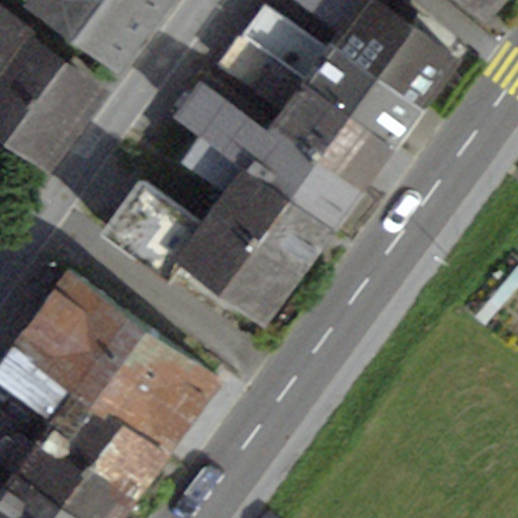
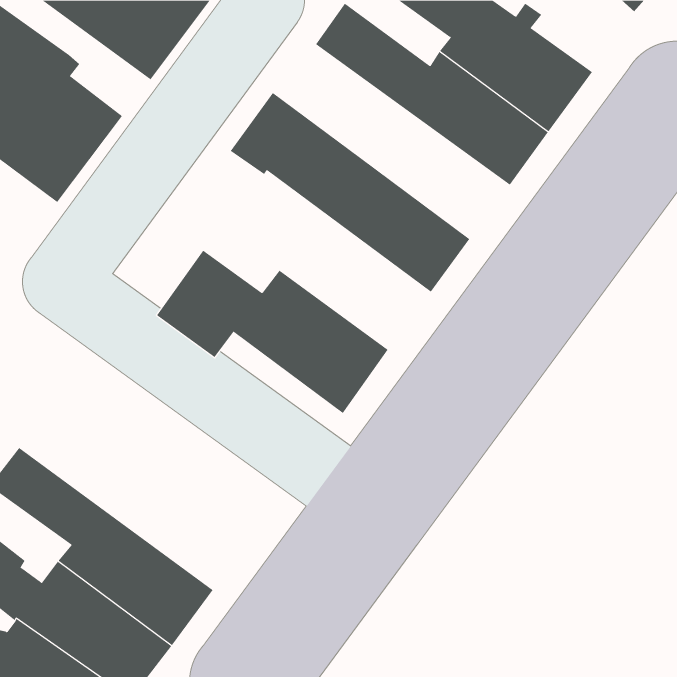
building: [220,37,386,185] -> none
building: [183,134,327,269] -> none
building: [14,271,213,451] -> none

